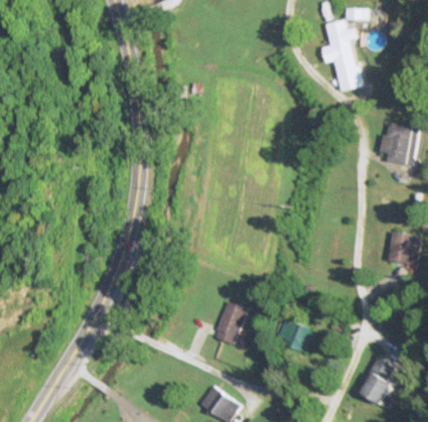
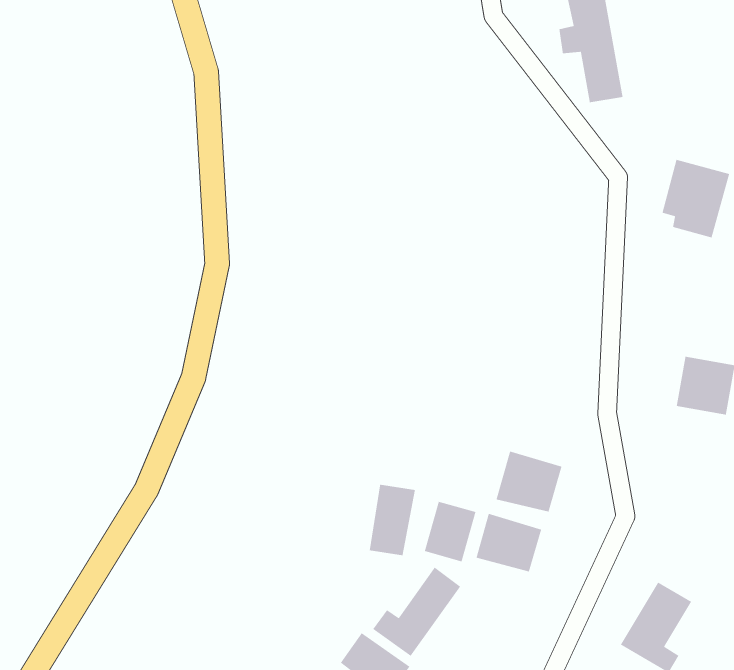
building: none -> [496,450,563,513]
building: none -> [424,501,476,562]
building: none -> [372,567,461,657]

